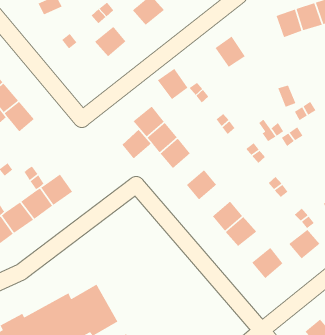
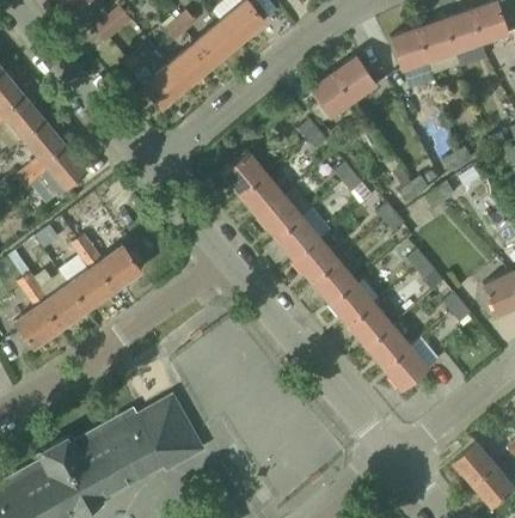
building: none -> [195,22,239,65]
building: none -> [391,29,428,69]
building: none -> [143,65,188,109]
building: [157,68,188,100] -> [309,73,352,117]
building: [122,129,152,160] -> none
building: none -> [276,218,319,261]
building: none -> [312,261,355,304]
building: [288,229,321,259] -> [366,325,410,367]

